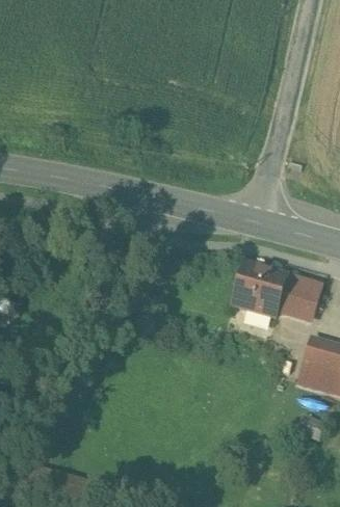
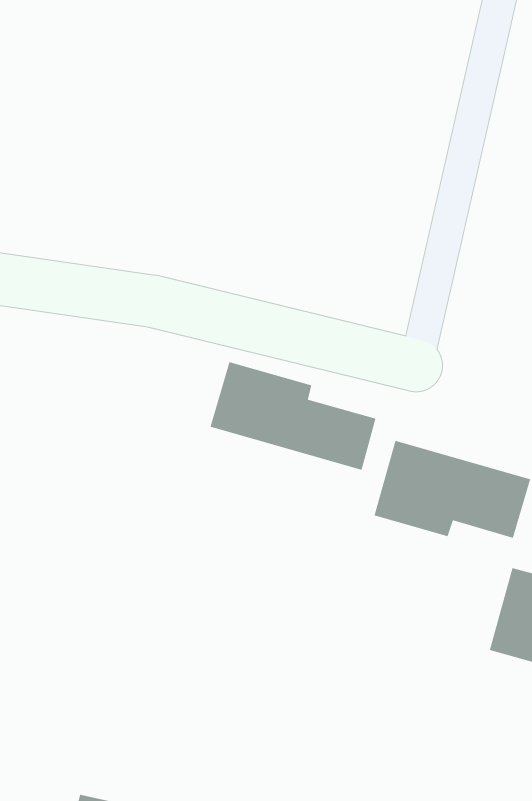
building: none -> [209,361,376,471]

